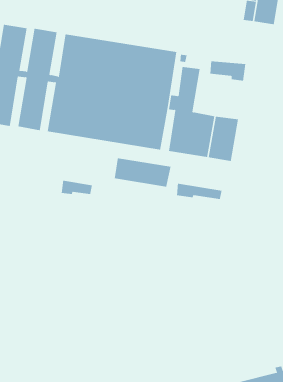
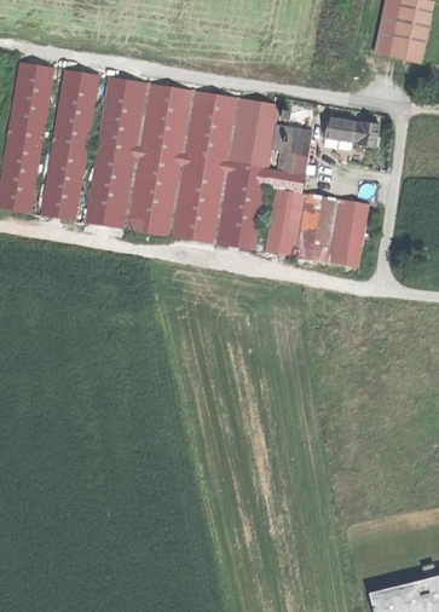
building: [114,157,171,187] -> none
building: [61,180,93,195] -> none
building: [177,183,222,200] -> none

